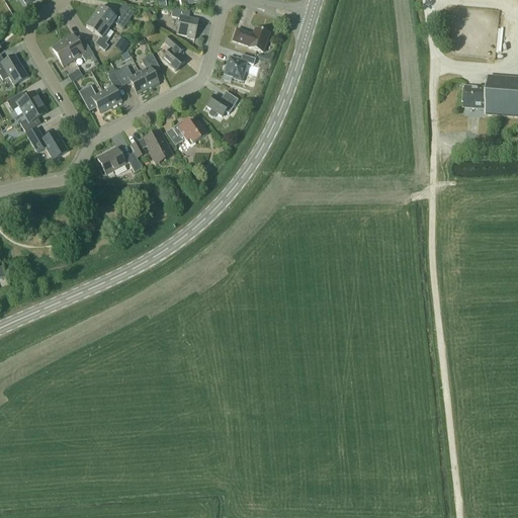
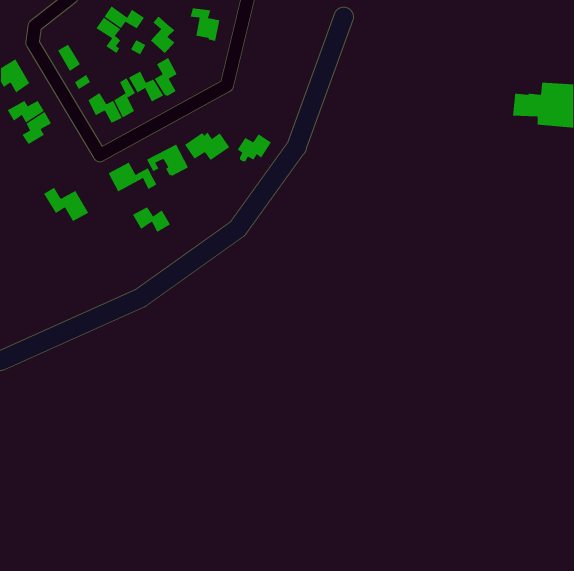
building: [233,26,269,51] -> none
building: [62,32,94,59] -> none
building: [162,34,184,69] -> [150,16,175,54]
building: [224,53,255,79] -> none
building: [206,90,238,115] -> [237,134,272,162]
building: [26,126,68,158] -> [43,187,89,222]
building: none -> [132,207,171,233]

